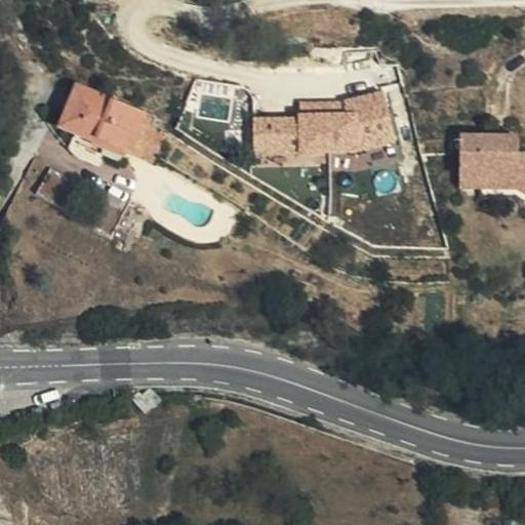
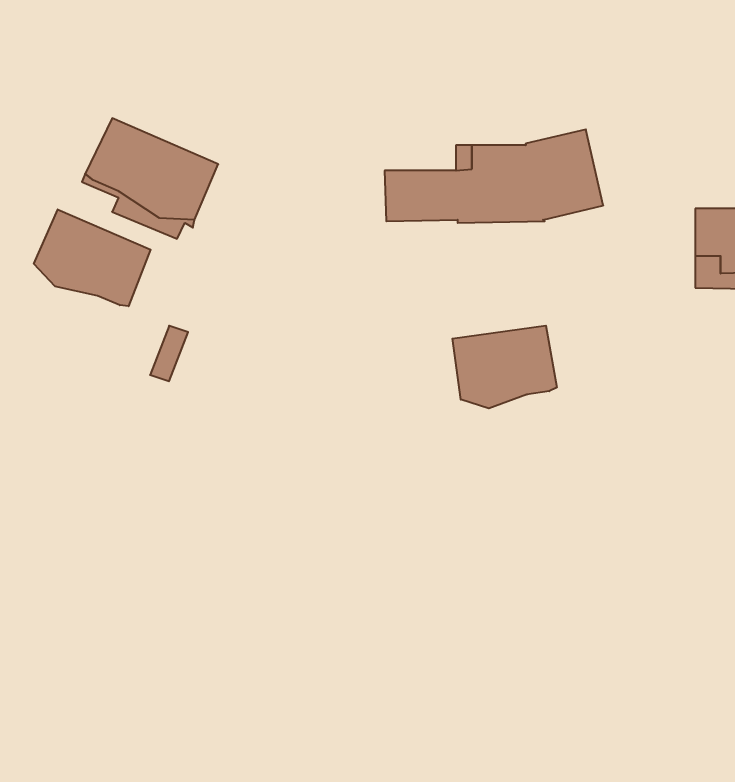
building: none -> [34,209,151,306]
building: none -> [452,326,557,408]

